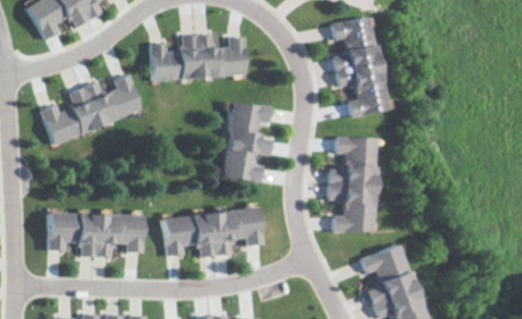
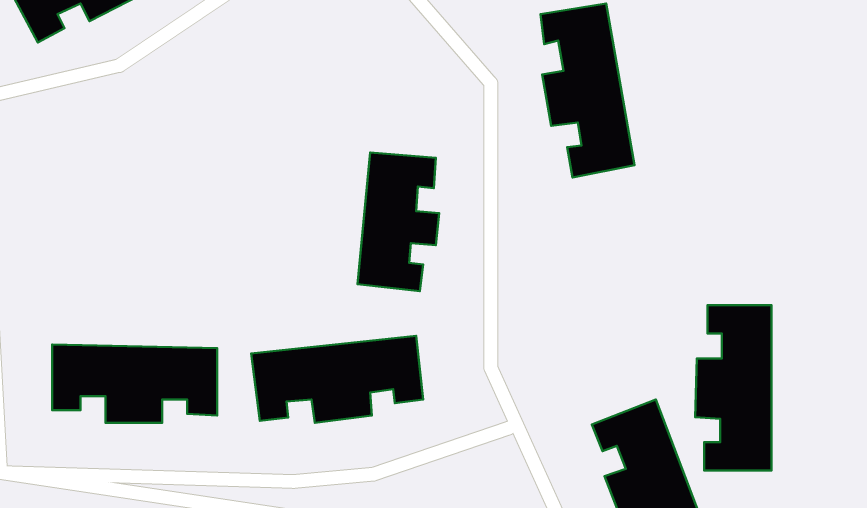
building: [151,34,248,81] -> none
building: [42,74,143,144] -> none
building: [328,138,372,232] -> [695,305,772,471]

